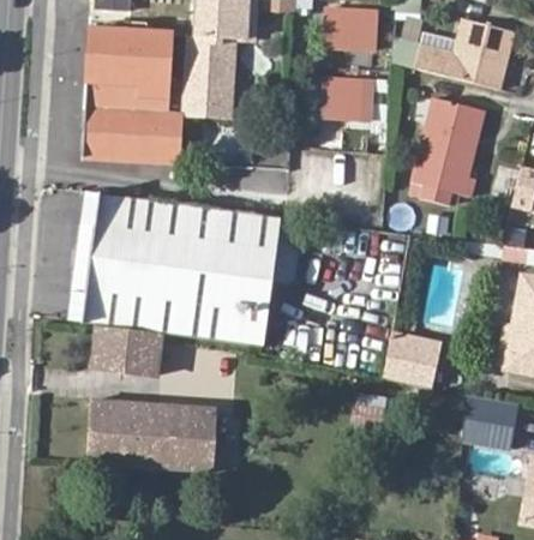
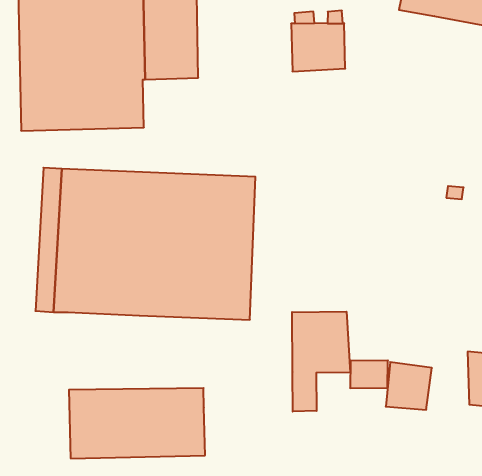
building: [419,101,490,199] -> none
building: [92,325,162,374] -> none
building: [385,336,431,383] -> [386,362,432,410]
building: none -> [292,312,350,412]

